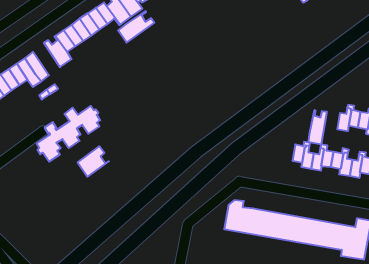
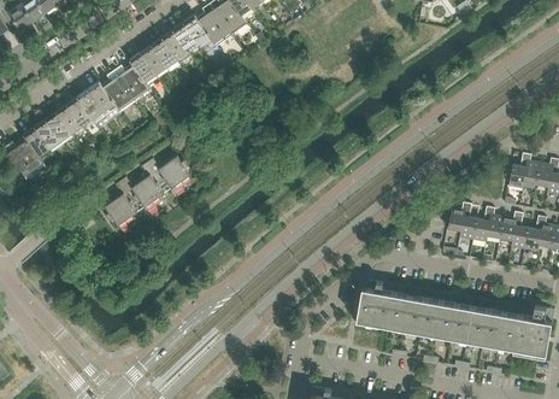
building: [118,11,154,43] -> none
building: none -> [102,72,135,115]
building: [309,110,327,144] -> none
building: [78,146,109,177] -> none

